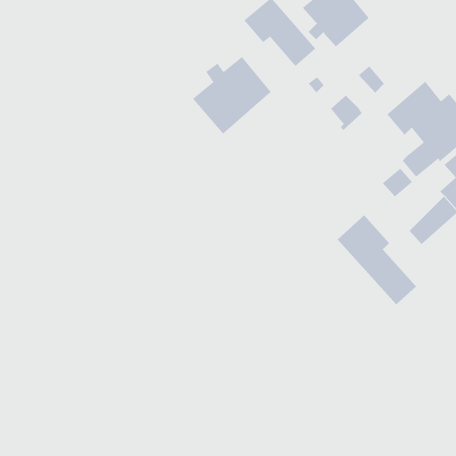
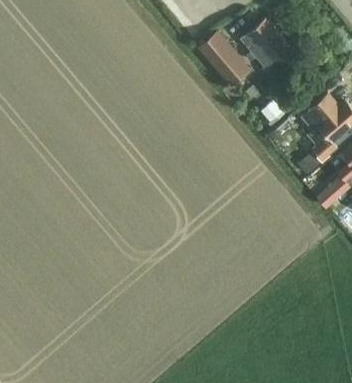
building: [192,56,271,134] -> none
building: [337,214,417,305] -> none

